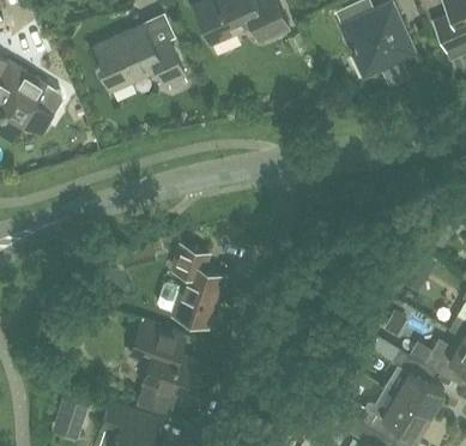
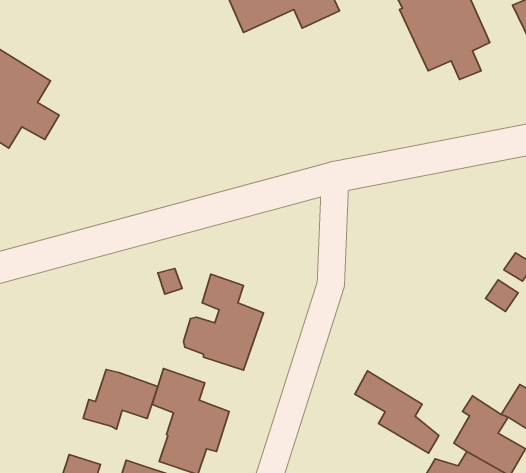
building: [91,29,183,90] -> none
building: none -> [83,369,158,429]
building: none -> [355,371,439,453]

